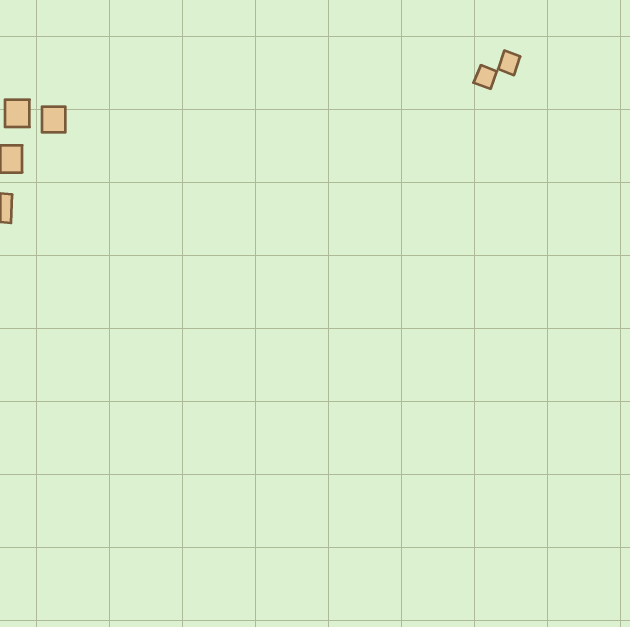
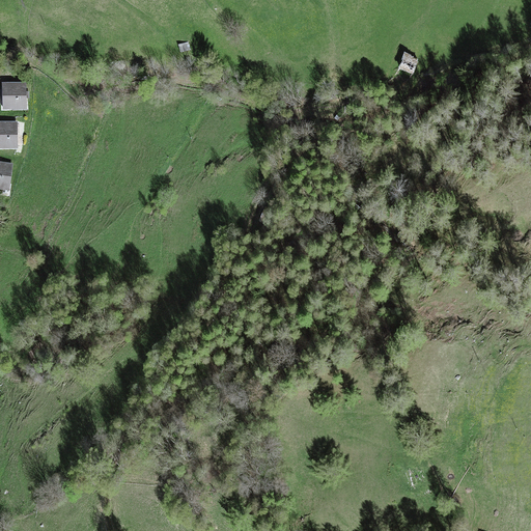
building: [42,107,65,132] -> none

